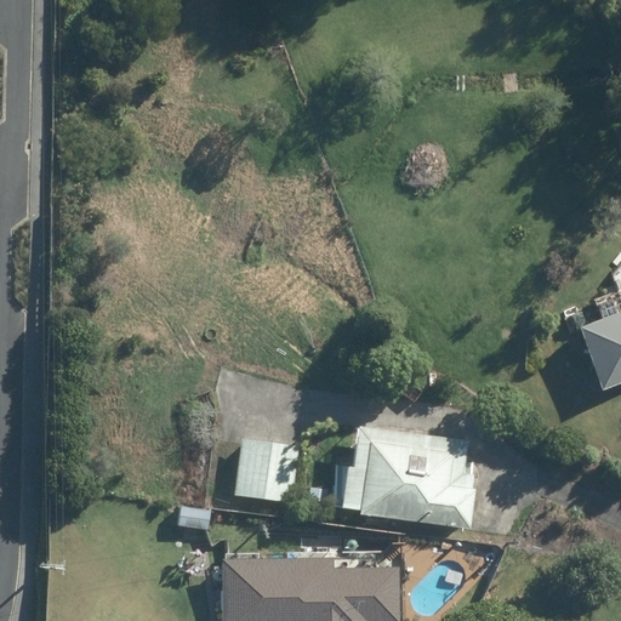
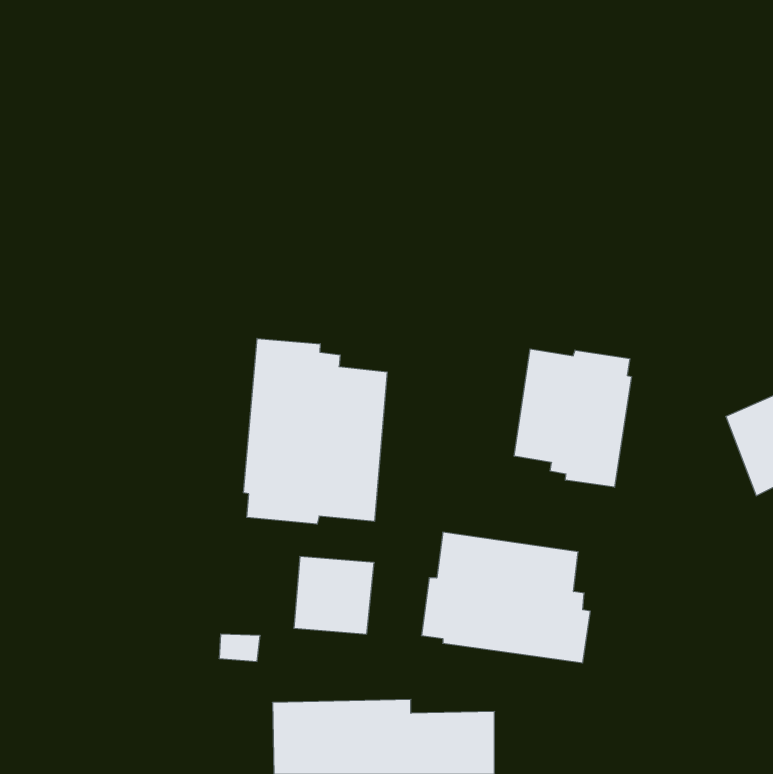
building: none -> [243,338,387,524]
building: none -> [514,349,631,487]

